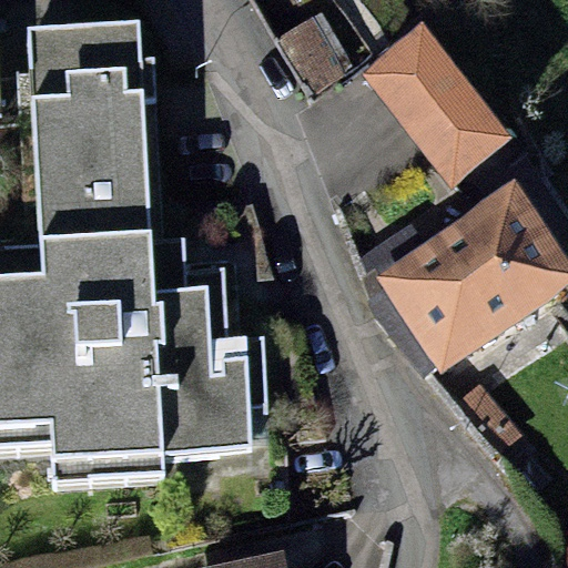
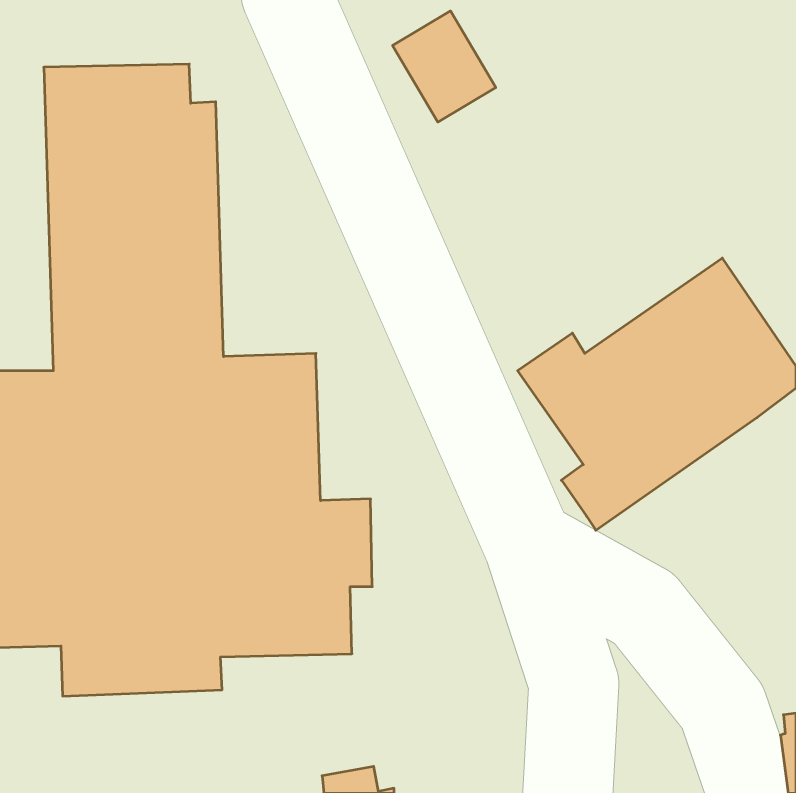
building: [358,21,505,182] -> none

